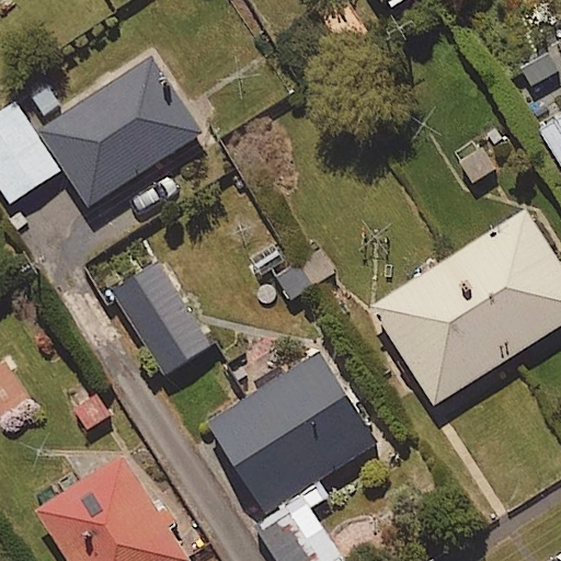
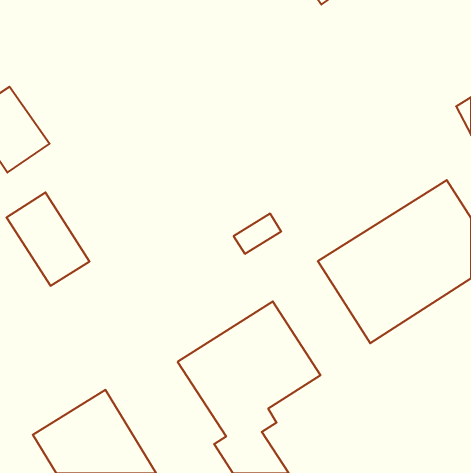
building: [38,57,199,206] -> none
building: [112,264,209,374] -> [6,192,90,286]

